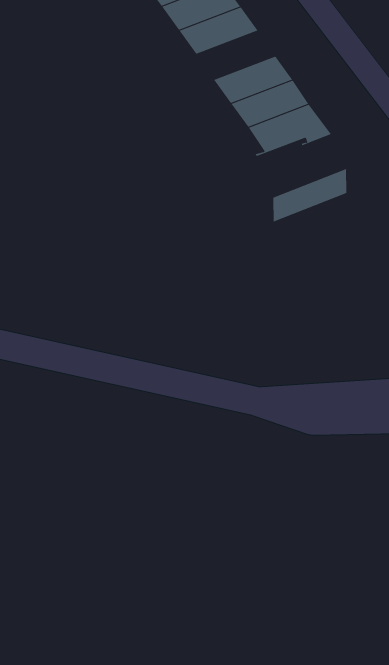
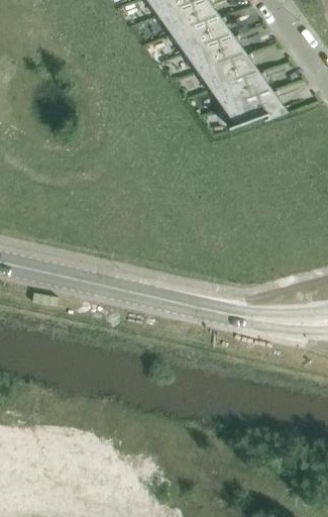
building: none -> [178,24,238,62]
building: [273,168,347,222] -> none

